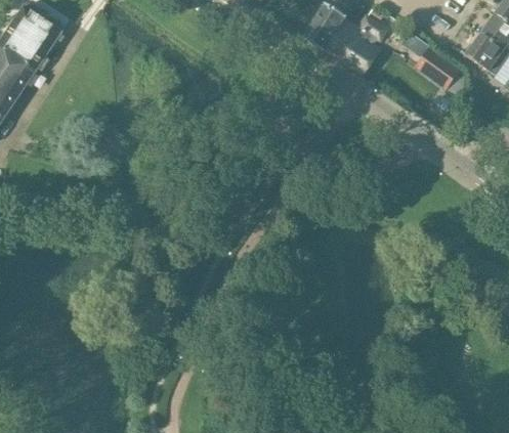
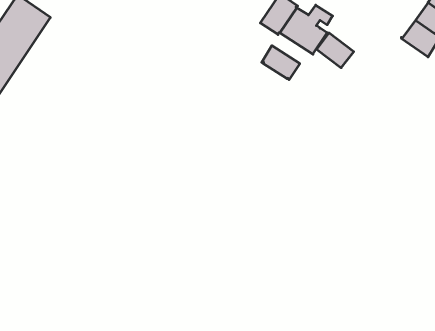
building: [415,46,458,86] -> [316,33,354,68]
building: none -> [262,46,300,80]

